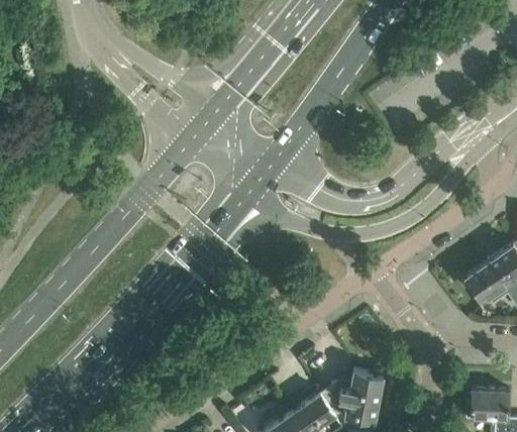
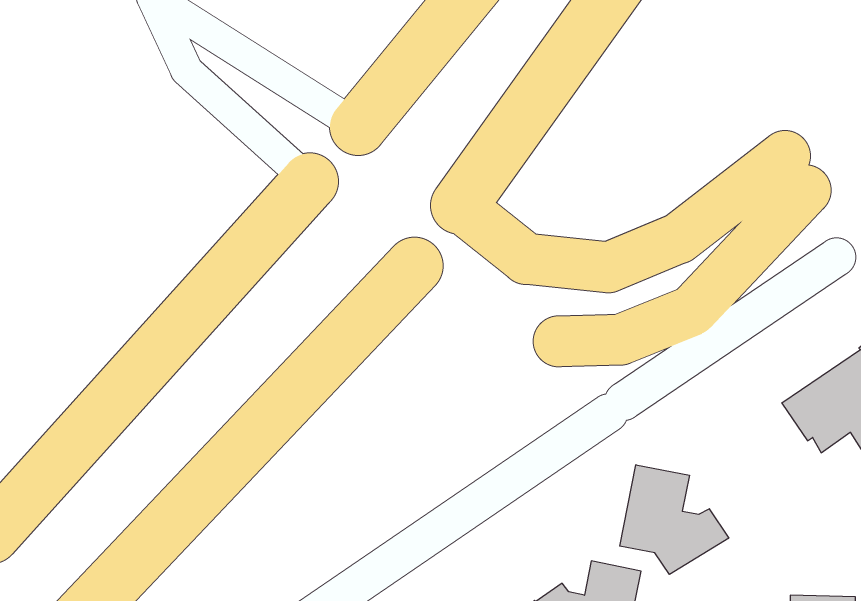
building: none -> [620,465,729,574]

